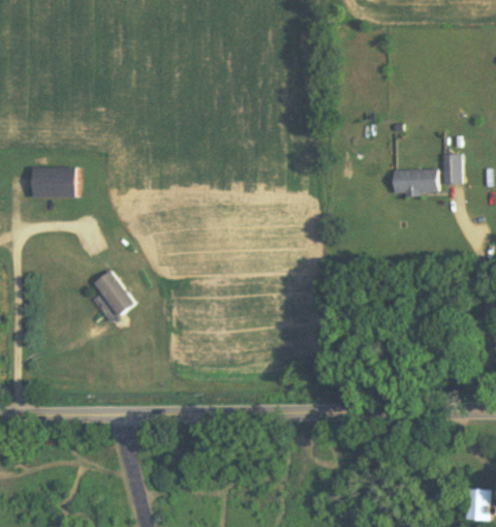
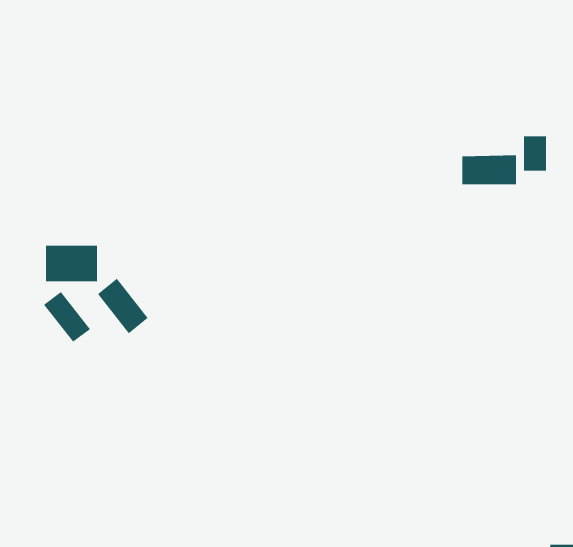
building: [31,167,74,197] -> [45,245,98,282]
building: none -> [43,291,91,343]

